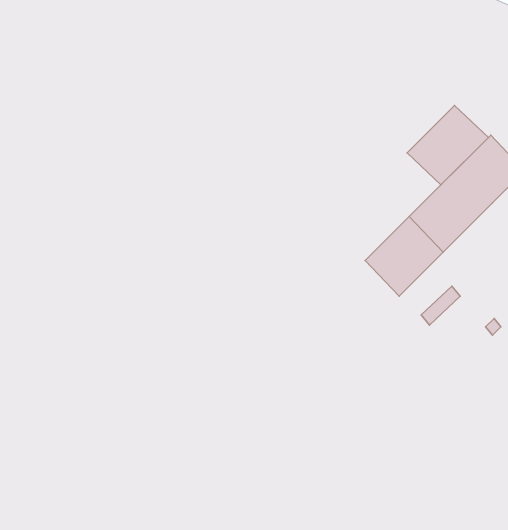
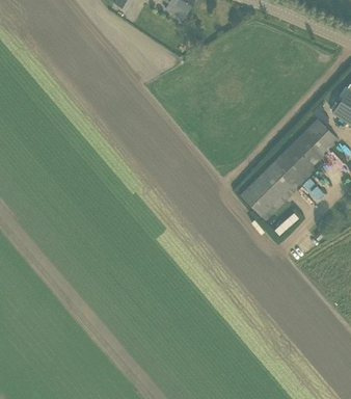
building: [407,105,488,185] -> none

